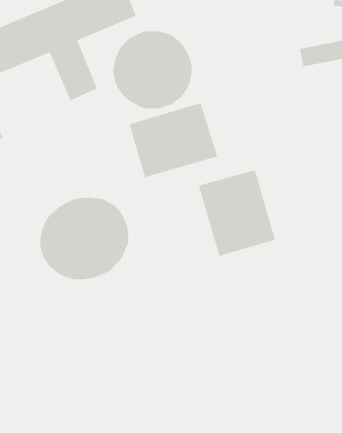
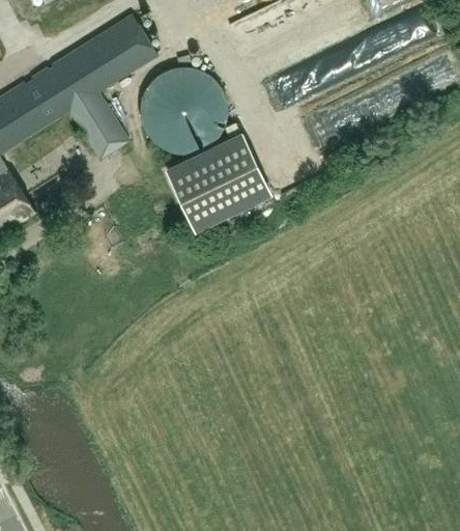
building: [198,169,276,257] -> none
building: [39,197,129,280] -> none

